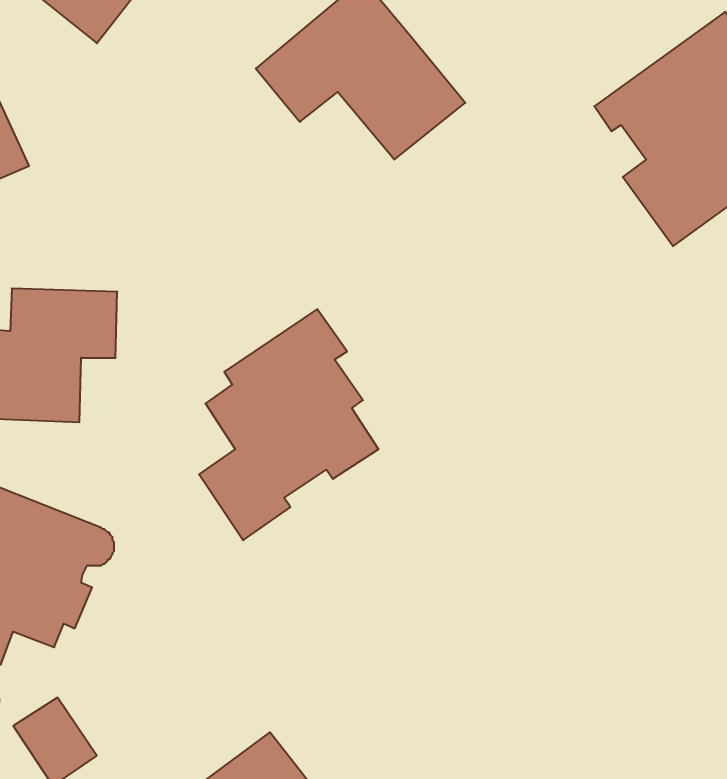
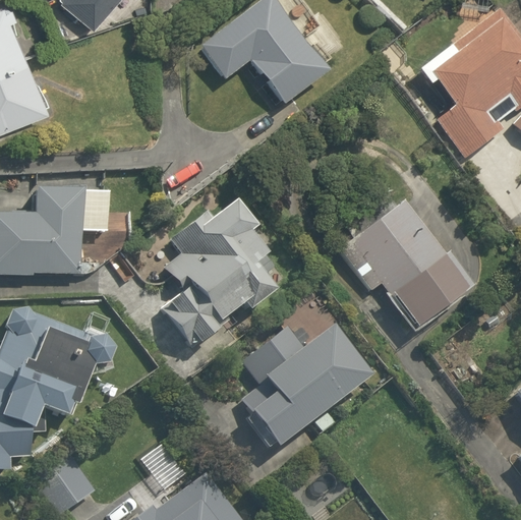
building: none -> [340,200,466,328]
building: none -> [241,329,367,445]

